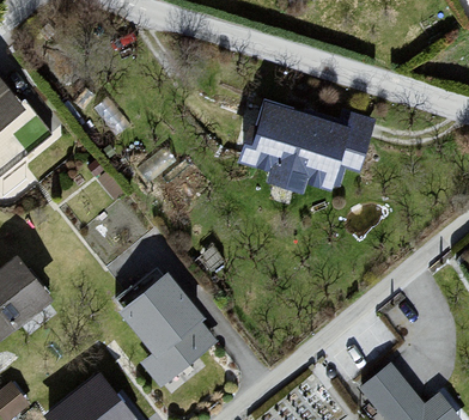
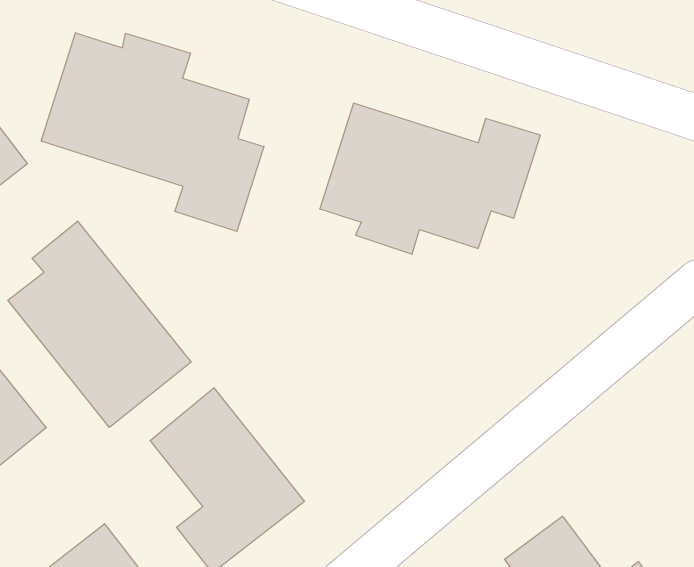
building: none -> [41,33,264,232]
building: none -> [8,221,191,427]

